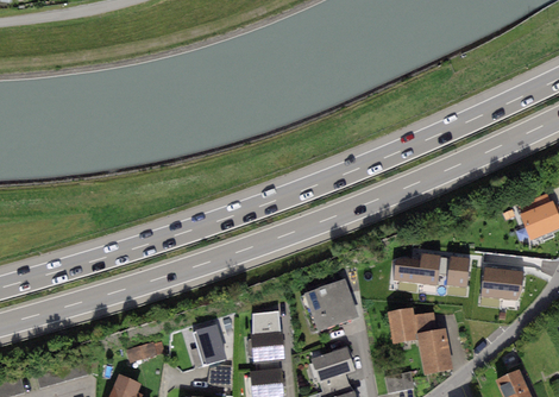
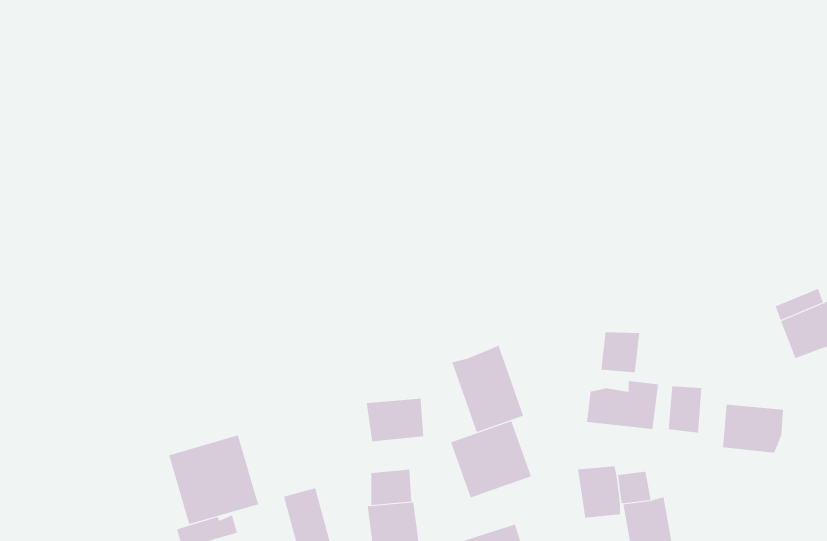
building: none -> [601,332,640,373]
building: none -> [452,345,524,433]
building: none -> [366,398,424,442]
building: none -> [168,435,259,525]

